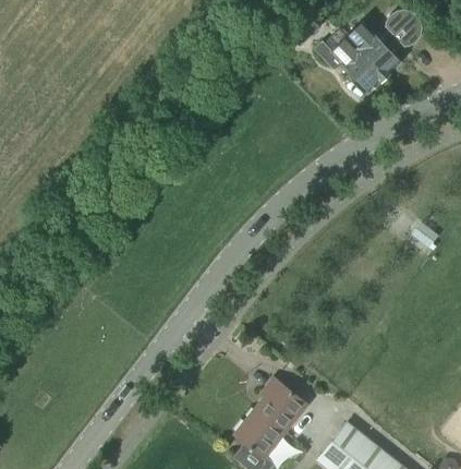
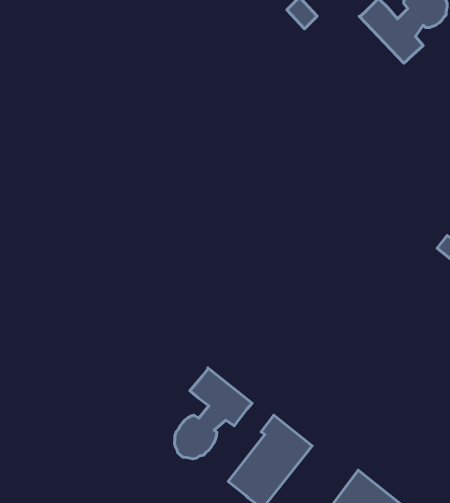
building: [314,36,385,92] -> none
building: none -> [175,368,252,459]

